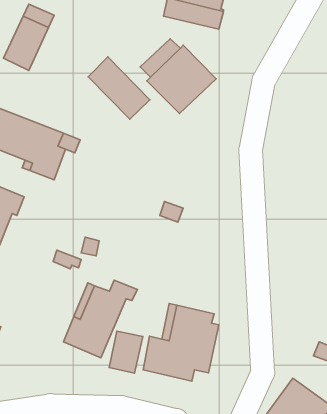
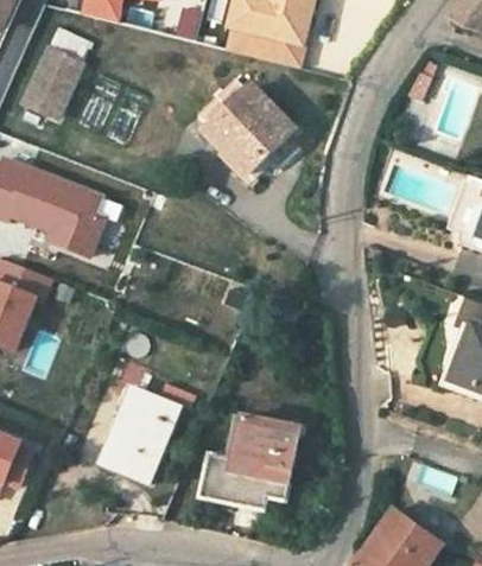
building: [88,57,150,119] -> none
building: [109,331,143,373] -> none

